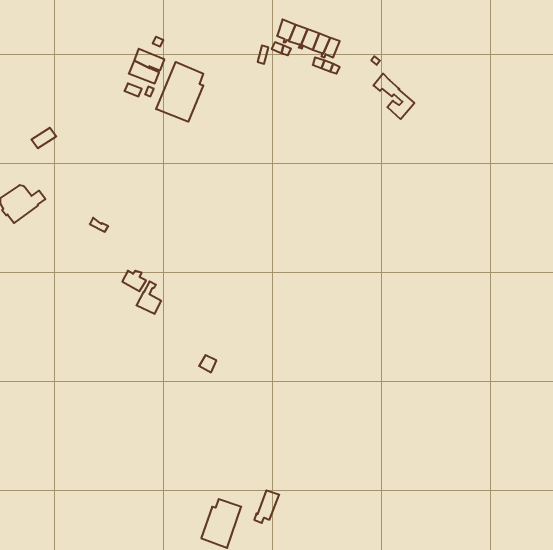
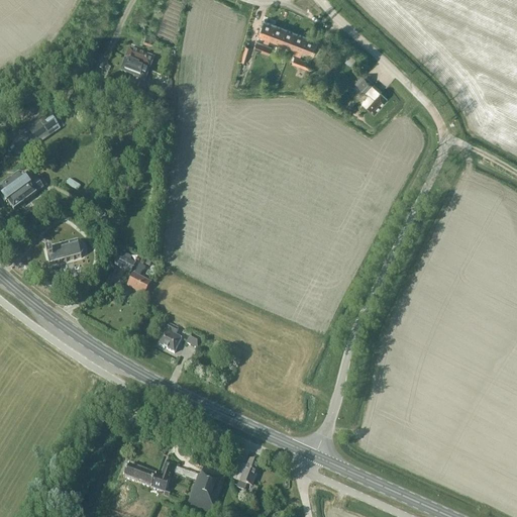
building: [156,62,203,122] -> none
building: none -> [44,238,85,263]
building: none -> [158,322,181,350]
building: none -> [124,458,176,491]

